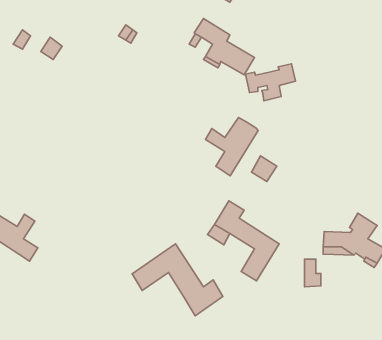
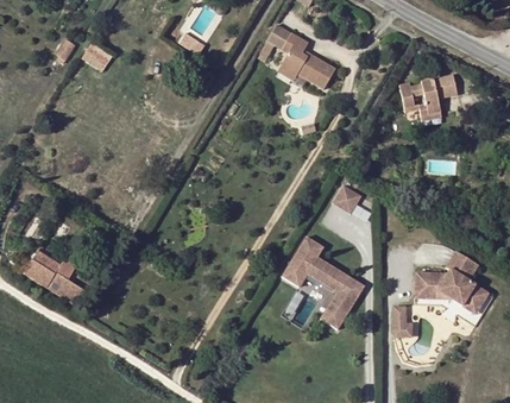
building: [245,64,296,101] -> [398,74,457,117]
building: [206,117,258,176] -> none
building: [132,244,223,316] -> none

